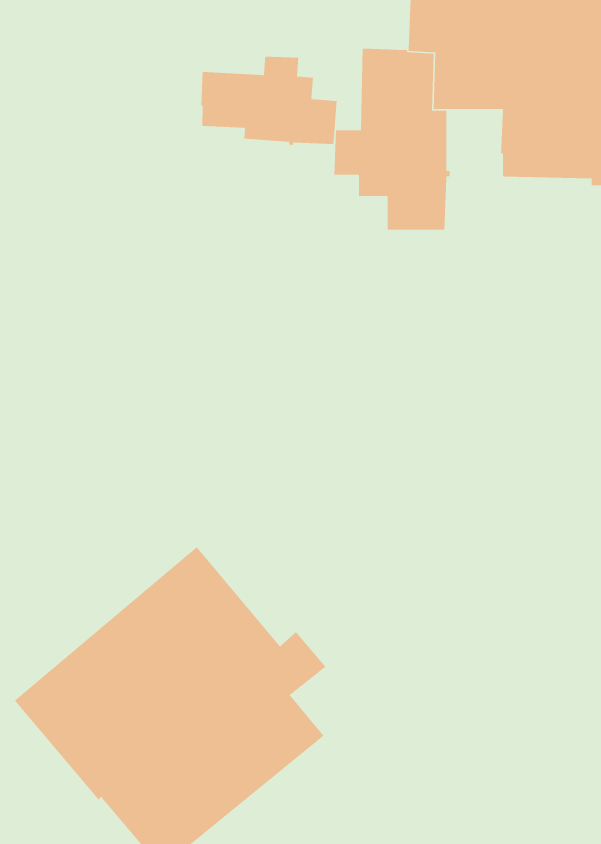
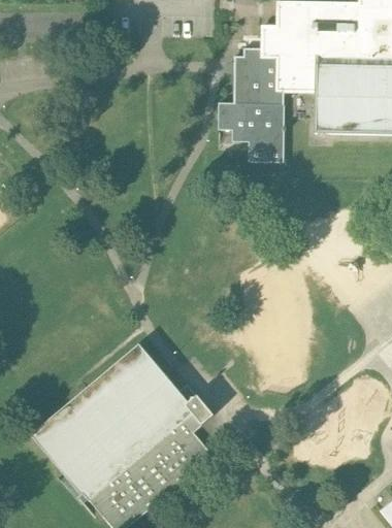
building: [200,56,337,146] -> none

